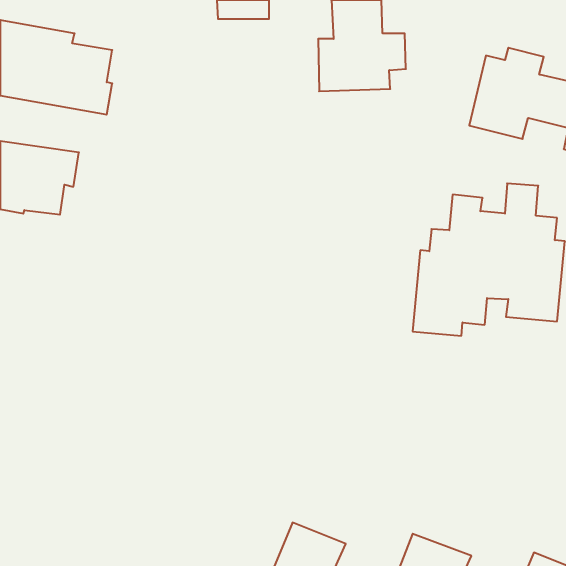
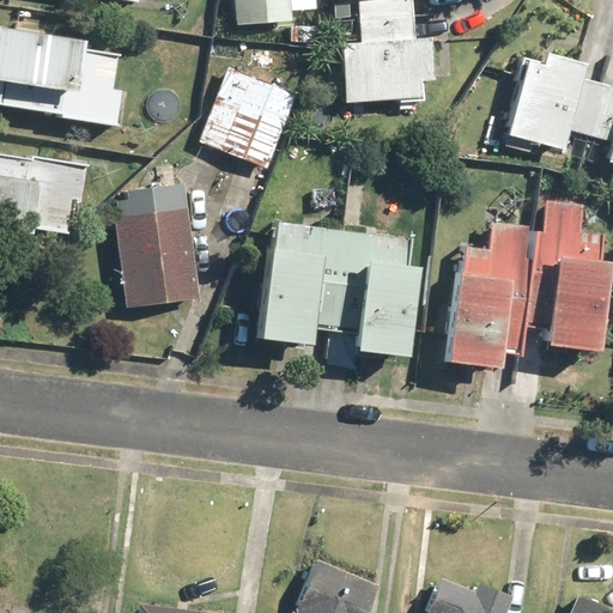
building: none -> [200,69,296,169]
building: none -> [115,186,198,308]
building: none -> [262,229,415,352]

